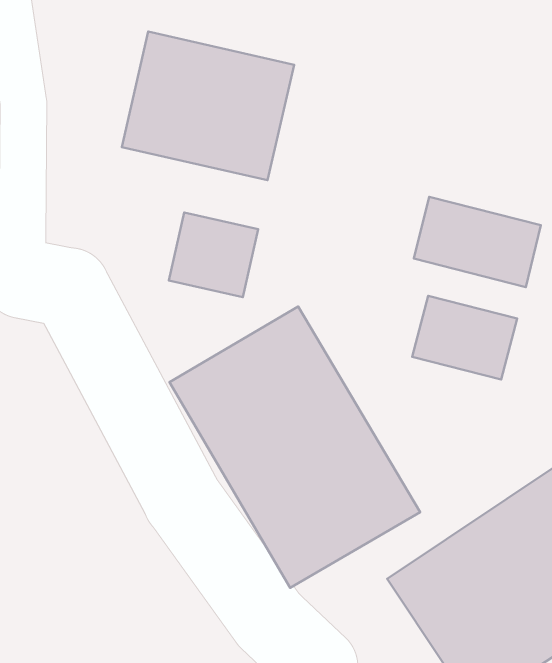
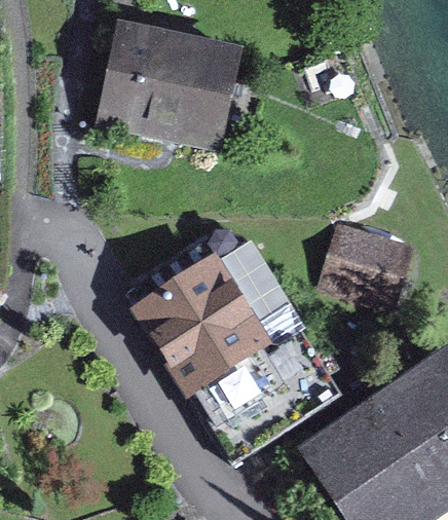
building: [414,197,541,287] -> none
building: [169,212,258,297] -> none

